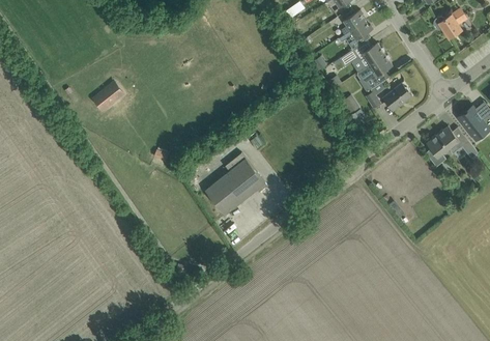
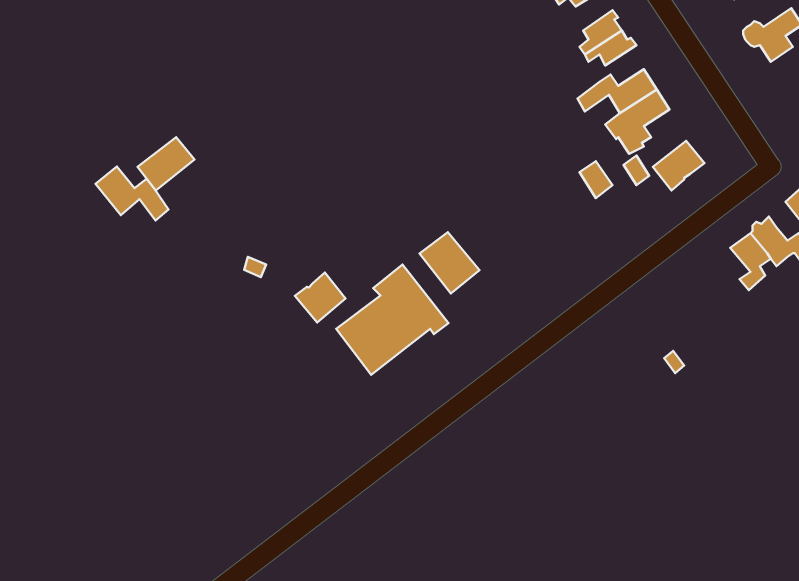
building: none -> [96,166,168,221]
building: none -> [420,232,480,294]
building: none -> [295,272,345,323]

